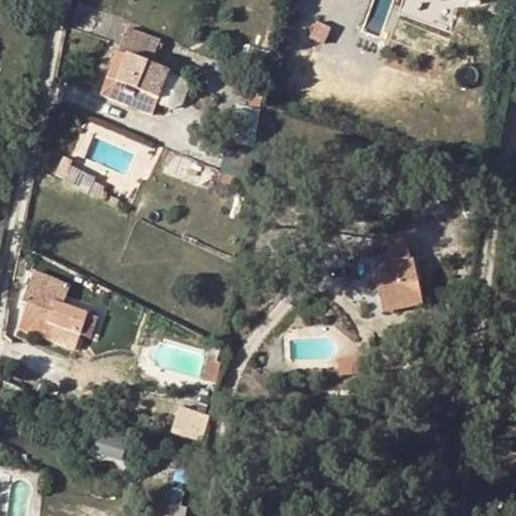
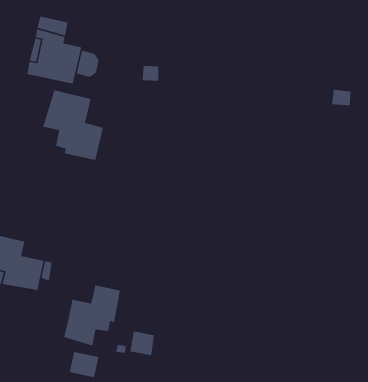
building: none -> [42,89,104,161]
building: [375,259,419,307] -> none
building: none -> [63,285,121,346]

